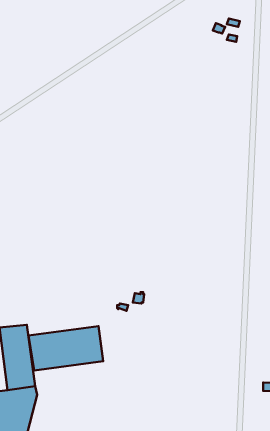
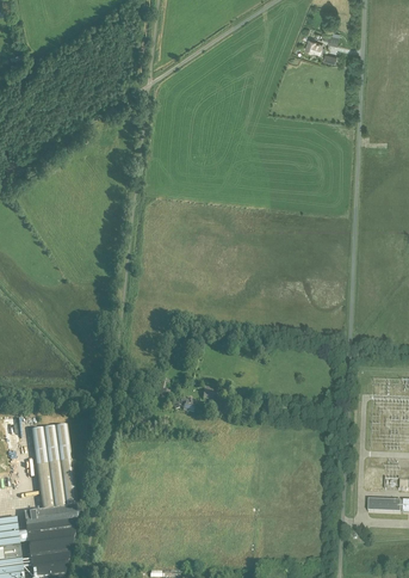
building: [28,326,103,370] -> none

